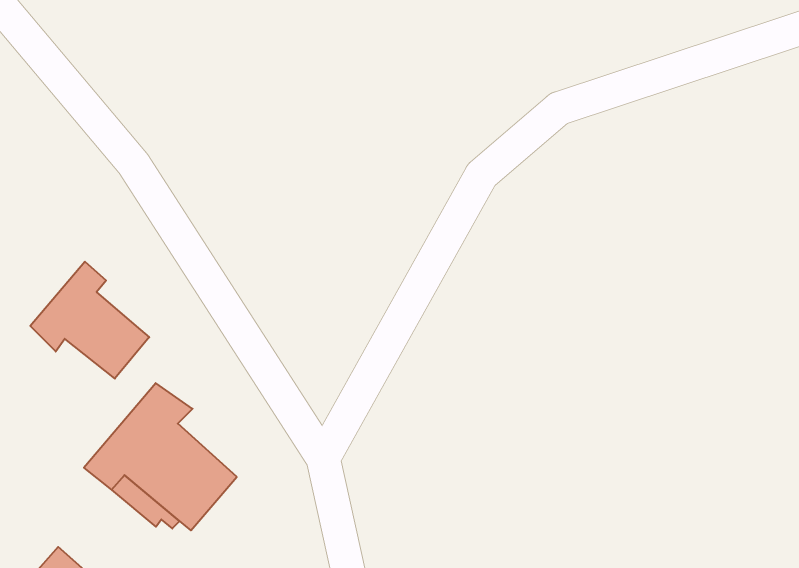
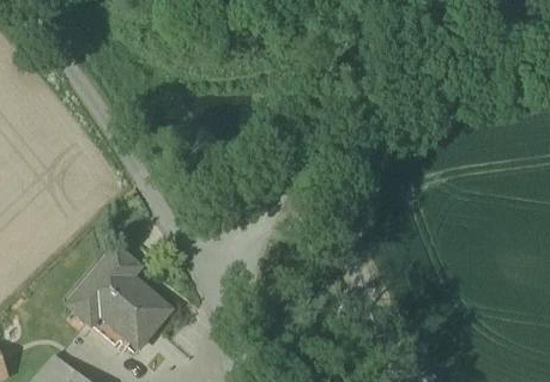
building: [30,262,149,379] -> none

